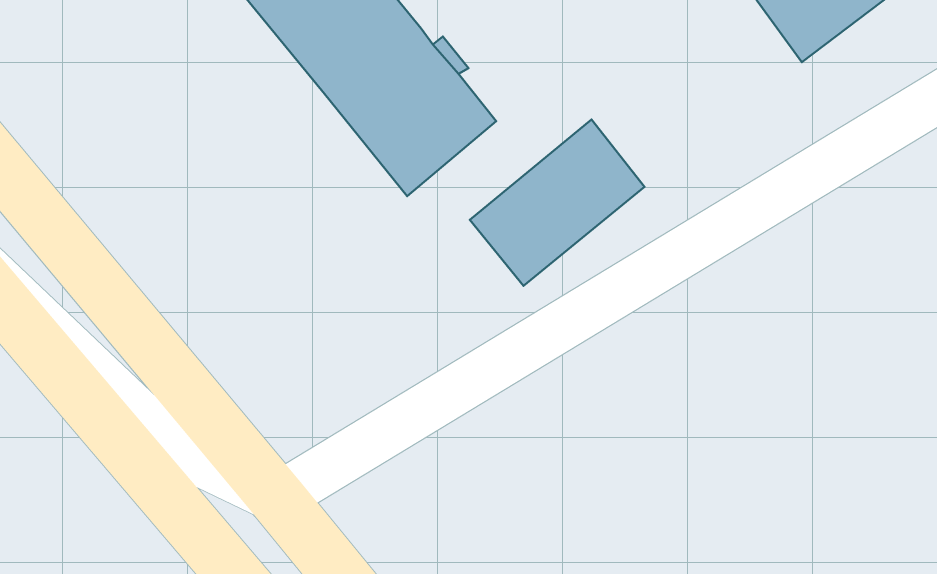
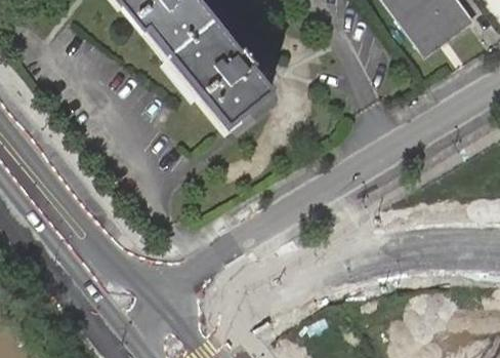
building: [470,119,645,286] -> none

